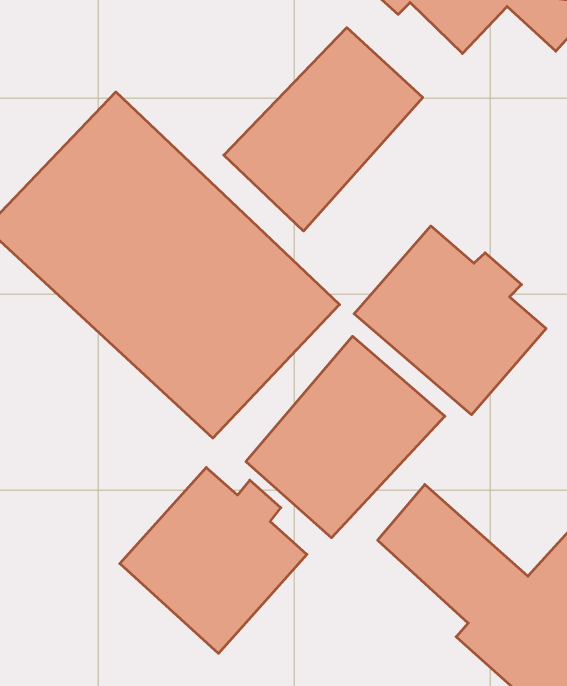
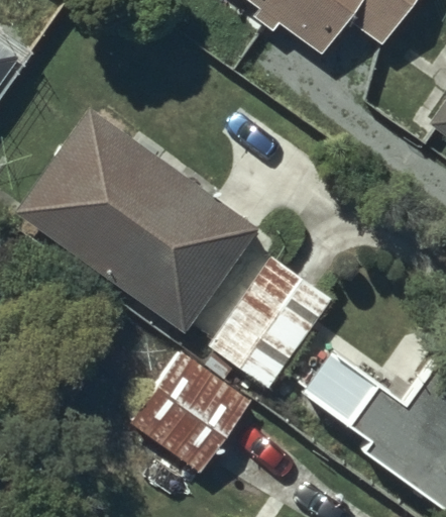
building: [224,28,423,231] -> none
building: [354,226,546,415] -> none

